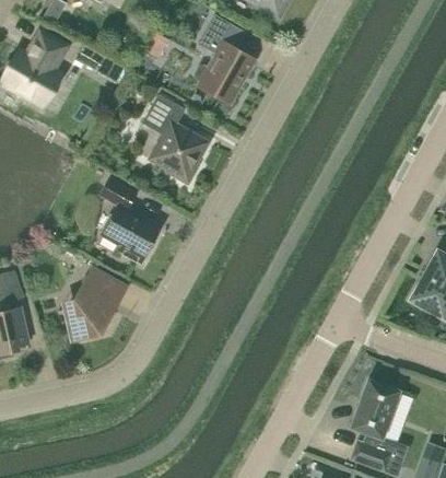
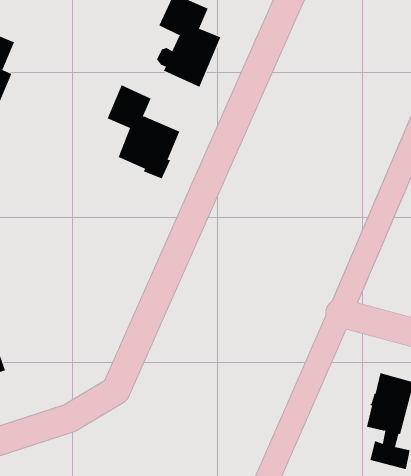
building: [101,178,161,263] -> none
building: [66,267,122,340] -> none

